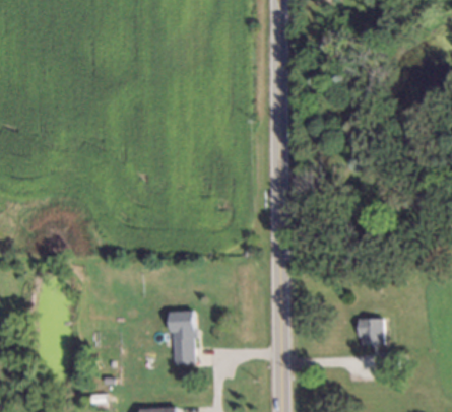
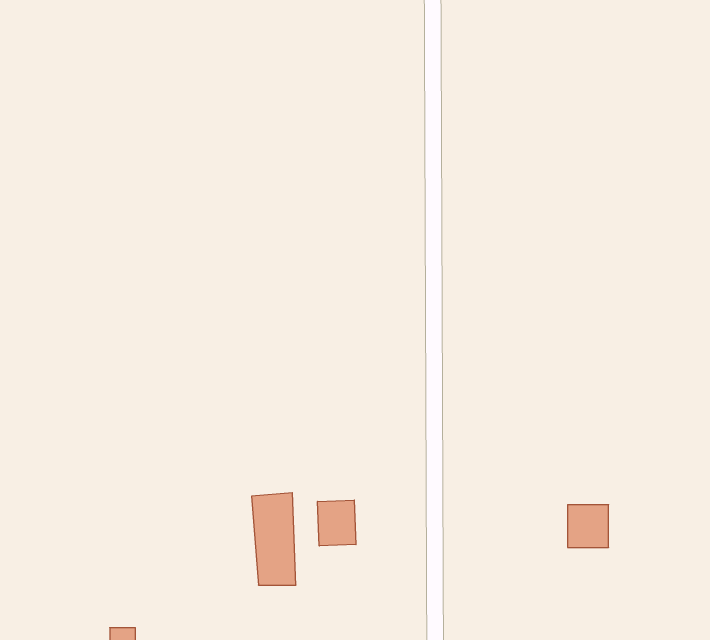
building: none -> [318,500,356,546]

